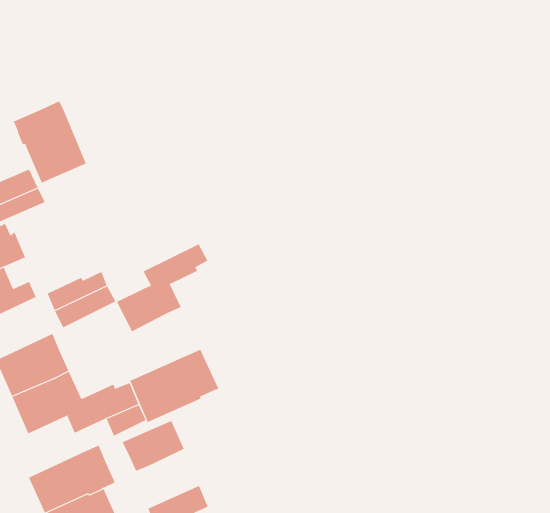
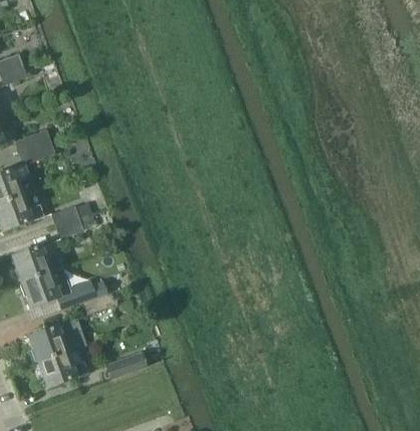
building: [13,101,86,184] -> none
building: [116,243,208,332] -> none
building: [129,349,219,423] -> none
building: [122,420,185,472] -> none

